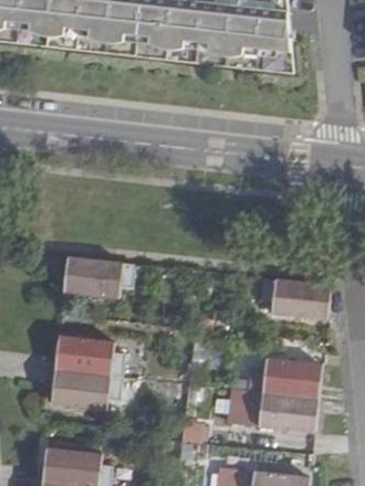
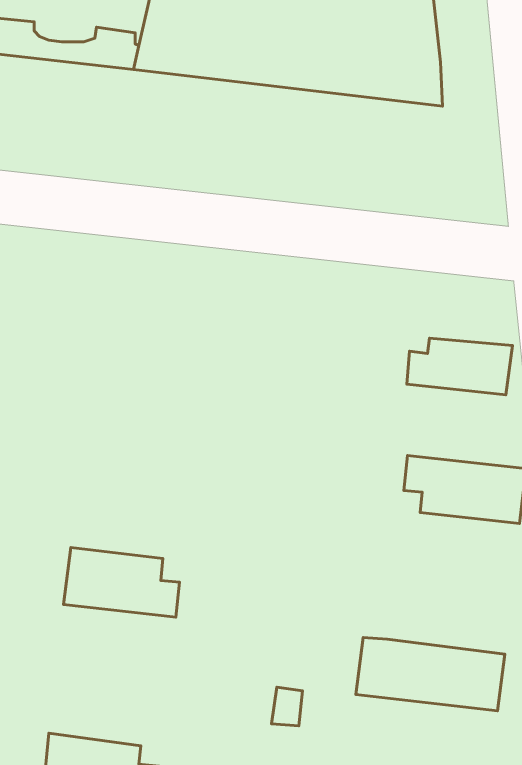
building: none -> [407,338,512,395]
building: [65,256,137,297] -> none
building: [251,358,325,399] -> none
building: [52,369,124,410] -> none

